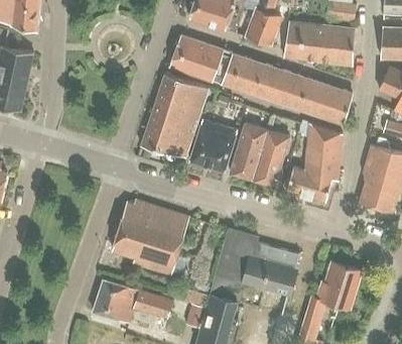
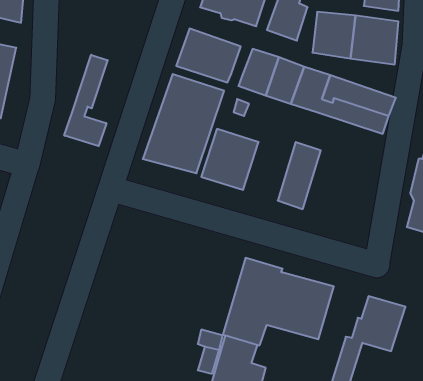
building: none -> [64,55,108,146]
building: [288,122,343,203] -> none
building: [231,124,269,181] -> none
building: [111,201,189,274] -> none
building: [93,279,172,322] -> none

